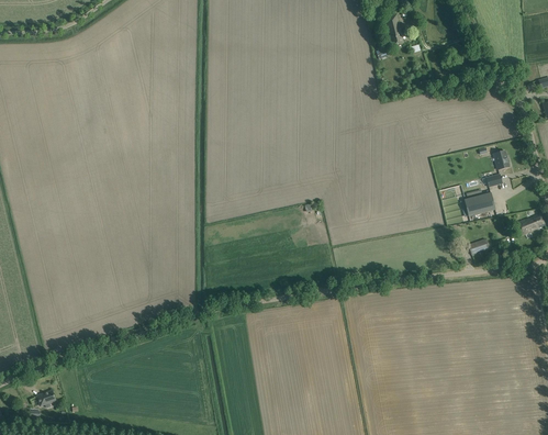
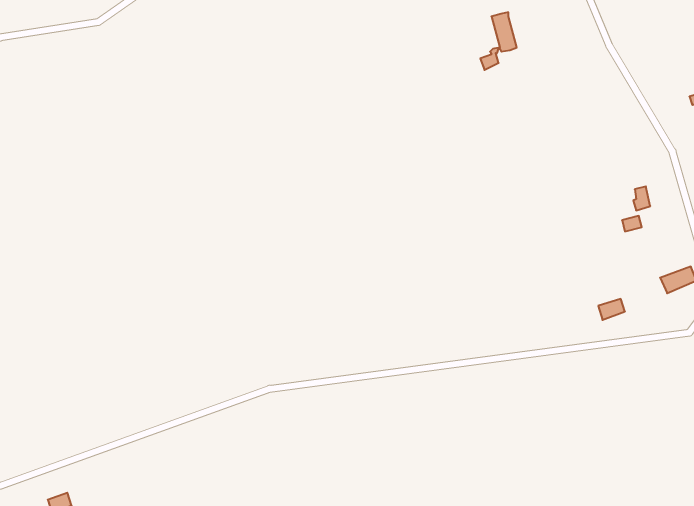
building: [466,193,496,216] -> none

